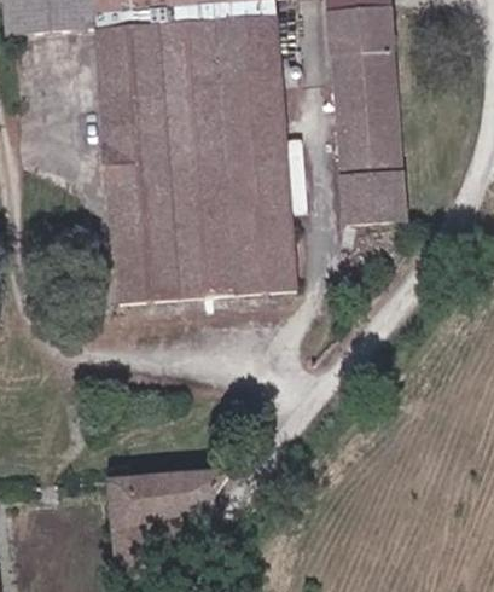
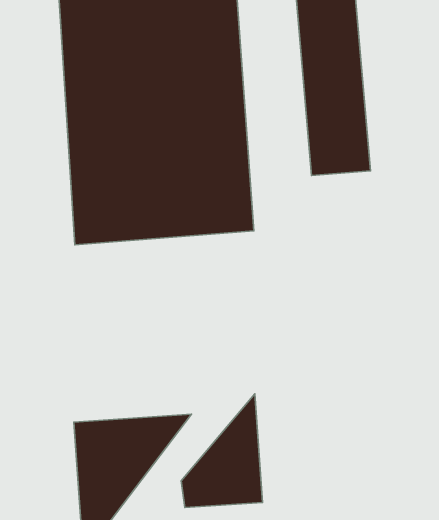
building: none -> [181,394,263,508]

